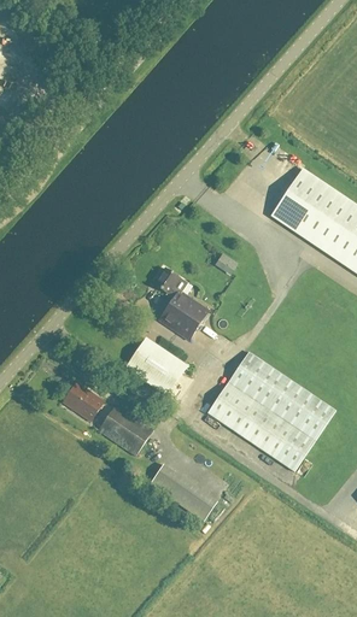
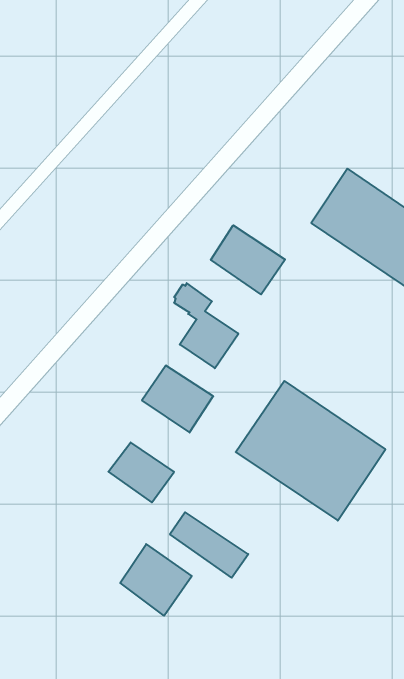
building: none -> [211,225,285,294]
building: [62,381,104,421] -> none
building: none -> [120,544,192,616]

